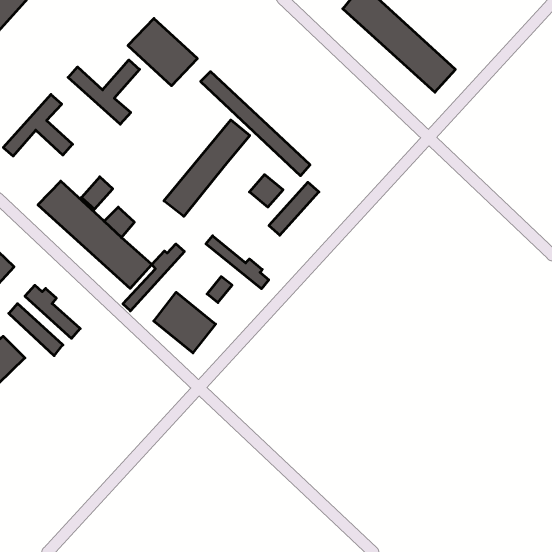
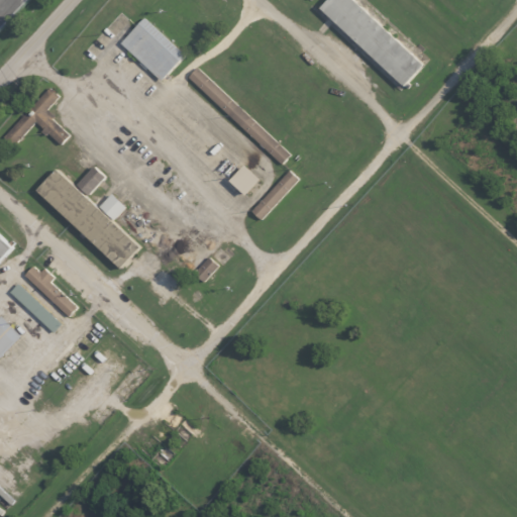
building: [68,60,140,124] -> none
building: [164,120,250,216] -> none
building: [206,236,269,289] -> none
building: [123,244,184,311] -> none
building: [154,292,216,353] -> none

